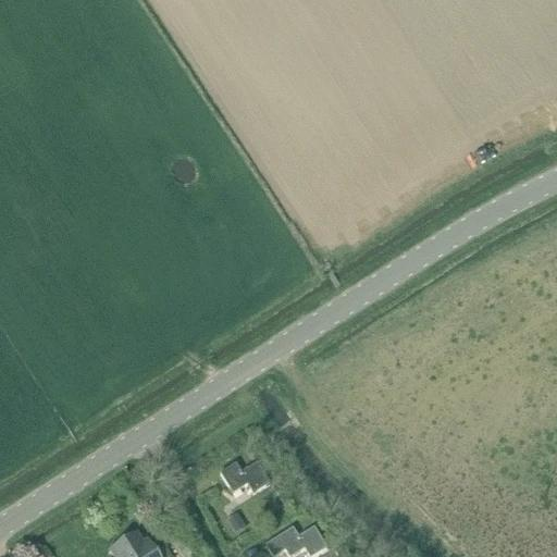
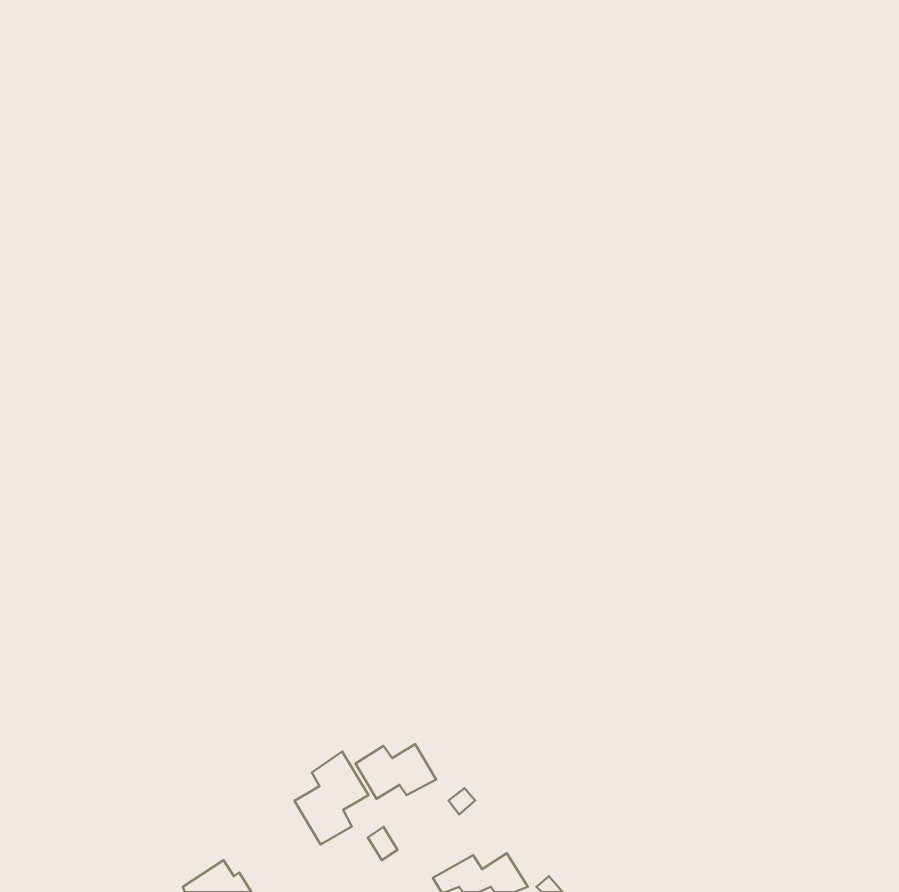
building: none -> [294,752,368,845]

